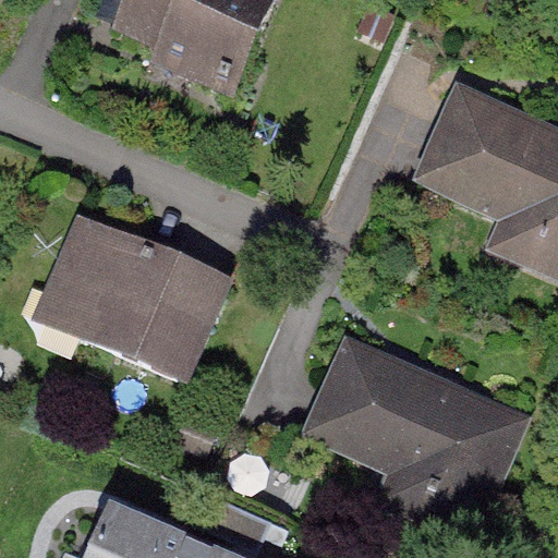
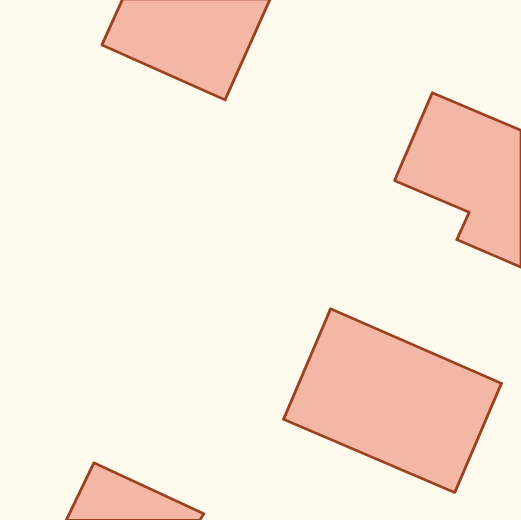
building: [28,196,228,376] -> none

